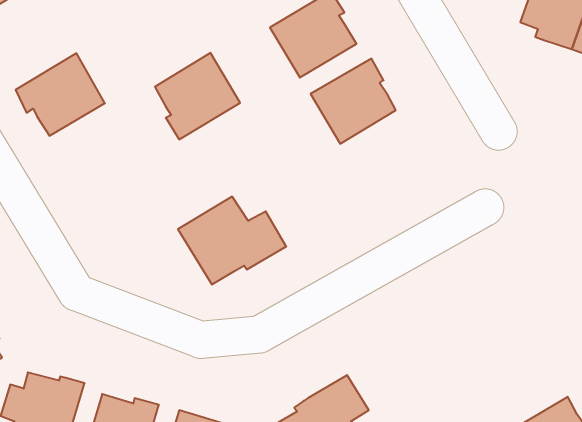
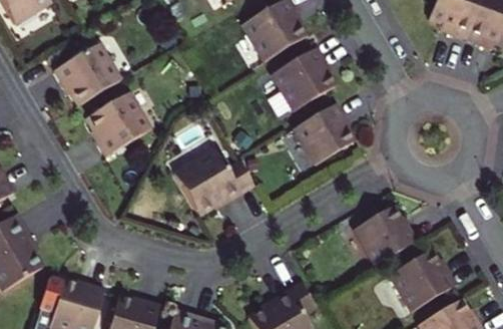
building: [155,53,240,139] -> [86,92,149,156]
building: none -> [294,102,354,164]
building: none -> [354,206,417,265]
building: none -> [391,249,458,310]

